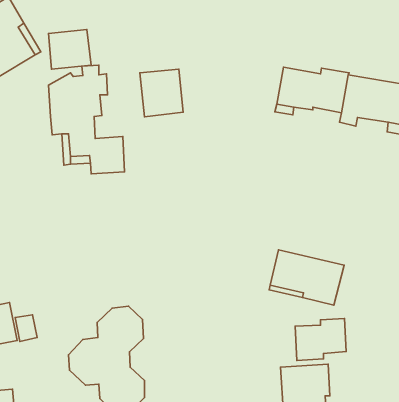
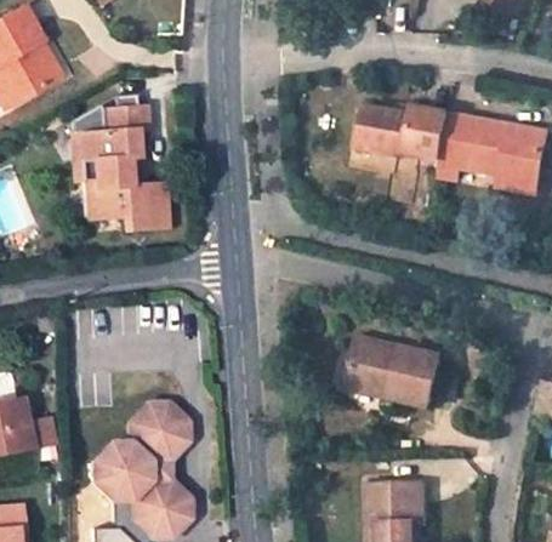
building: [48,30,91,69] -> none
building: [140,69,183,117] -> none
building: [295,318,346,360] -> none

